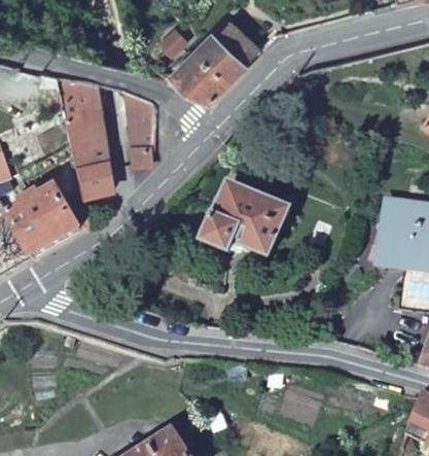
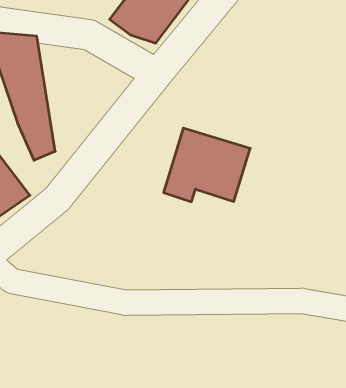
building: [126,85,155,162] -> none

